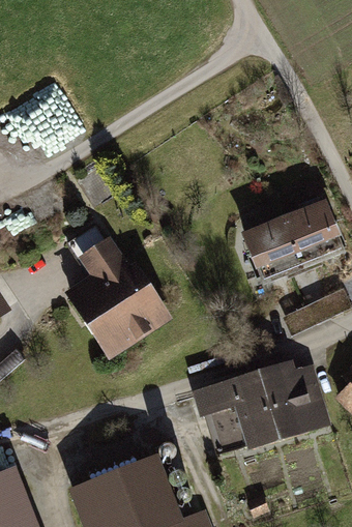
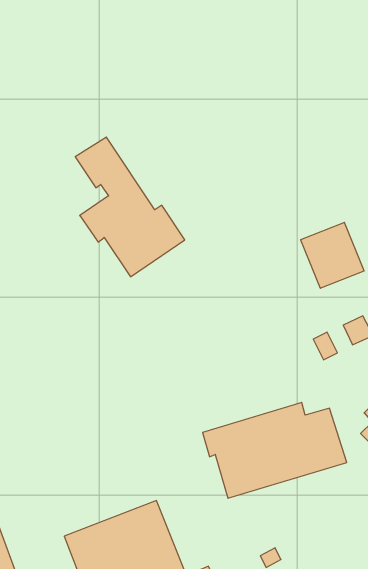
building: [246,221,303,281] -> none
building: [67,224,166,349] -> [75,137,185,277]

